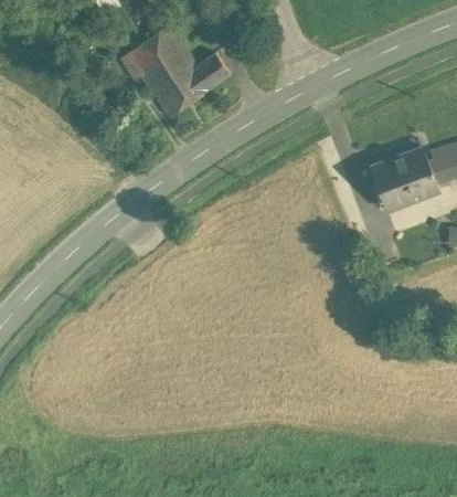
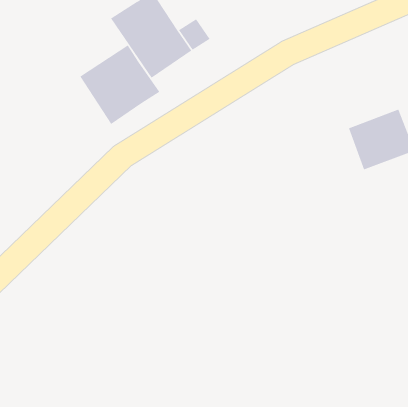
building: none -> [80,44,160,125]

